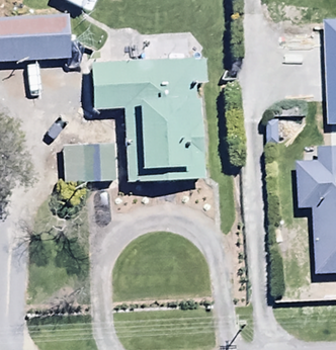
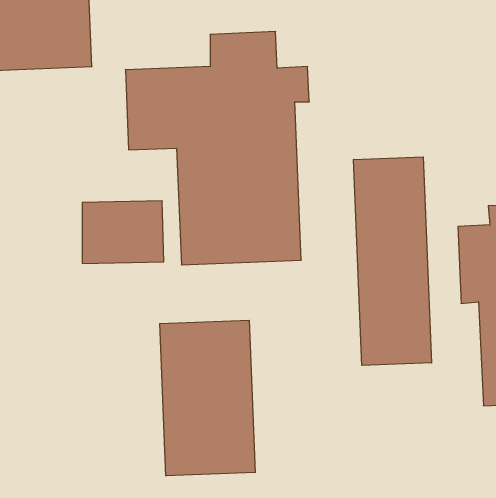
building: none -> [354,157,432,365]
building: none -> [160,320,255,476]

